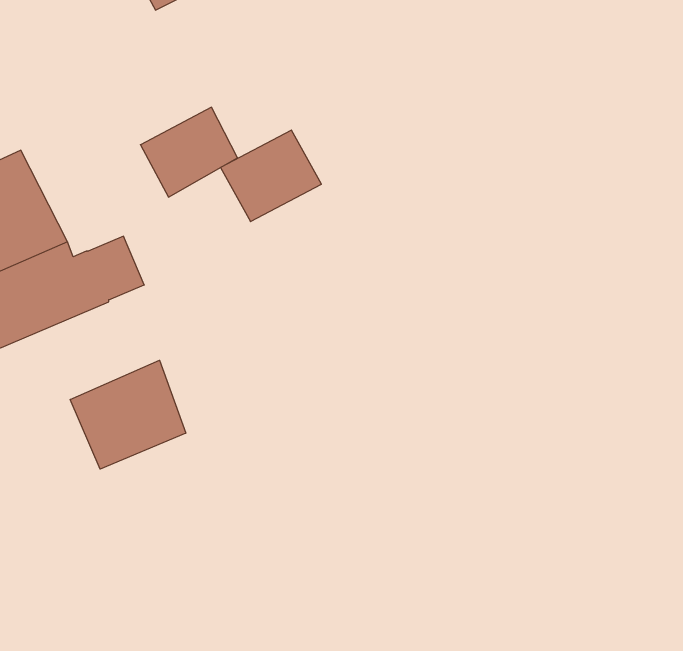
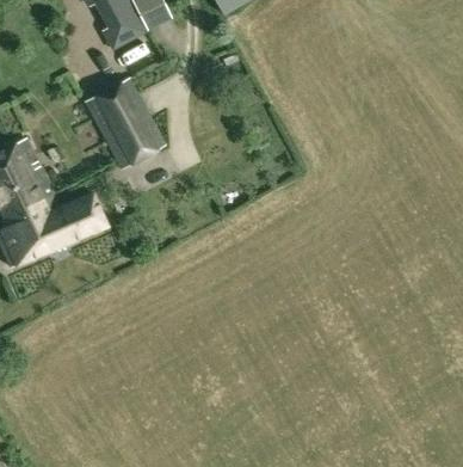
building: [221,130,321,222] -> [85,78,149,136]
building: [70,360,186,469] -> none

